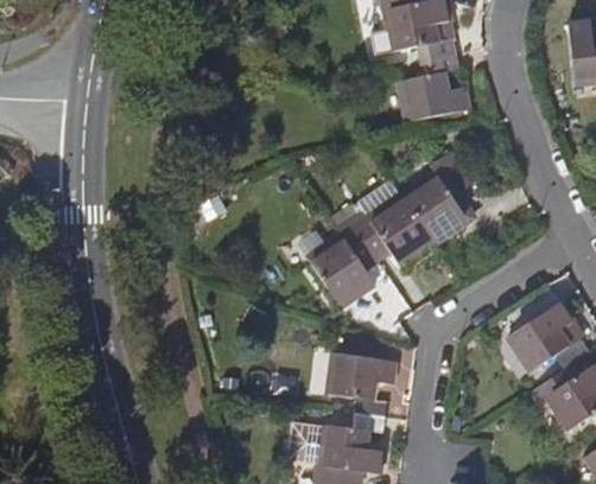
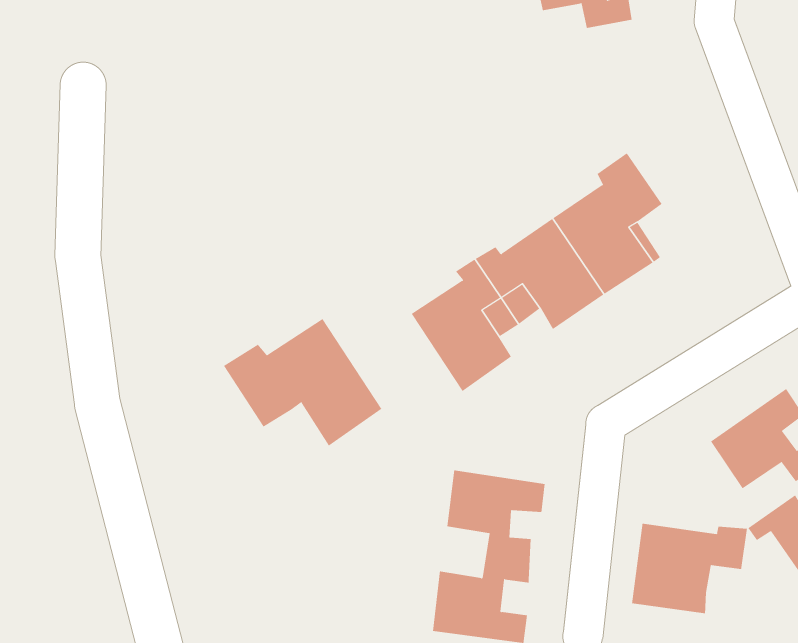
building: [398,55,467,120] -> none
building: none -> [223,318,382,446]
building: none -> [631,523,748,614]

